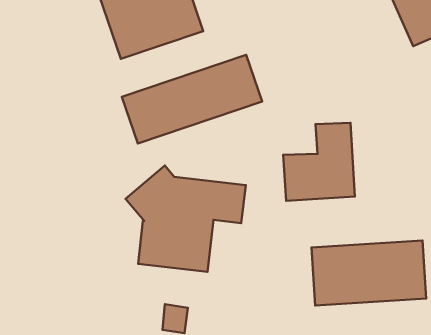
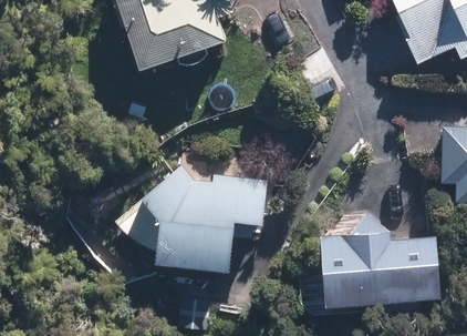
building: [122,55,262,144] -> none
building: [283,123,355,201] -> none

